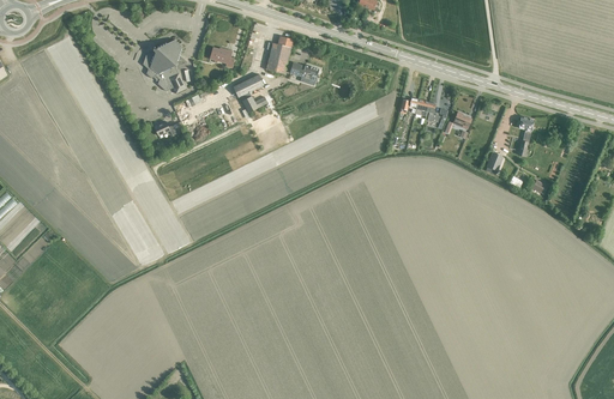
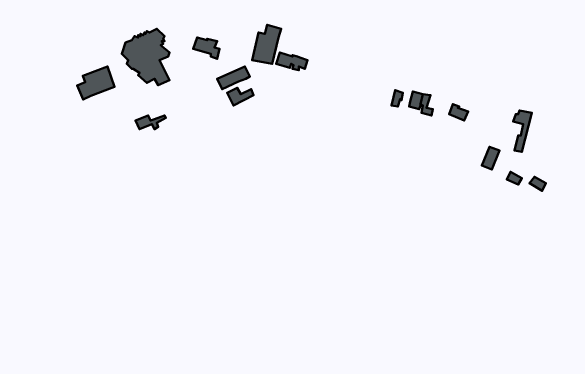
building: none -> [77,67,114,99]

